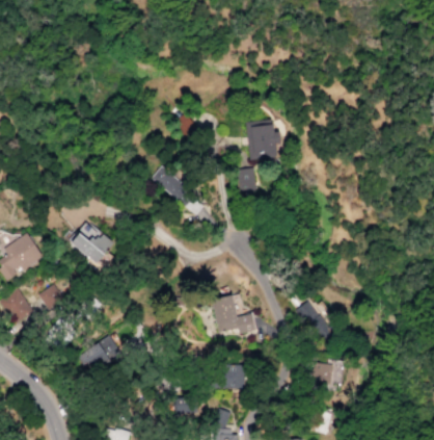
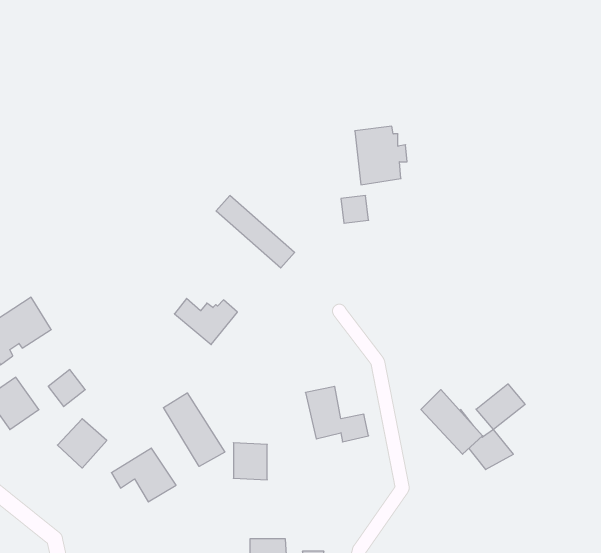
building: [73,234,115,265] -> [174,298,237,345]
building: none -> [476,384,525,430]
building: none -> [163,393,225,466]
building: [220,362,243,387] -> [233,443,267,480]
building: [311,363,334,395] -> none

